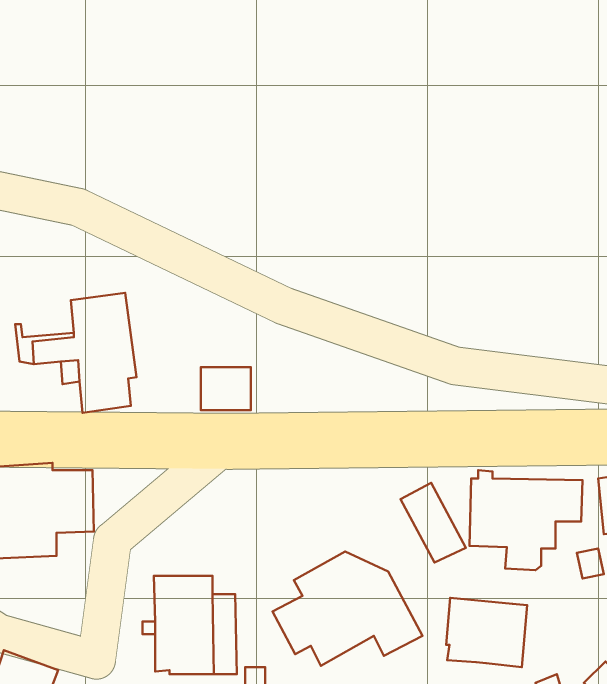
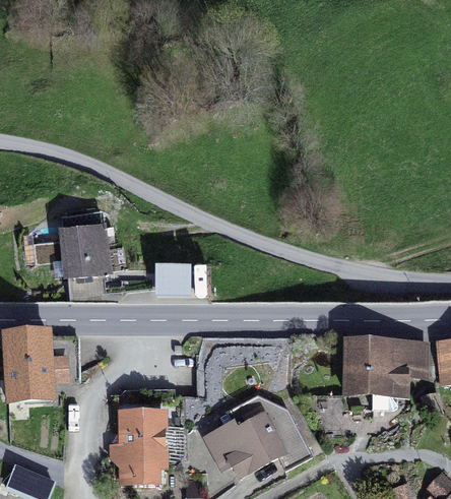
building: [400,483,466,563] -> none
building: [446,598,527,667] -> none

